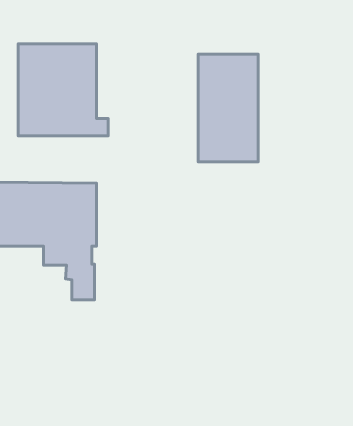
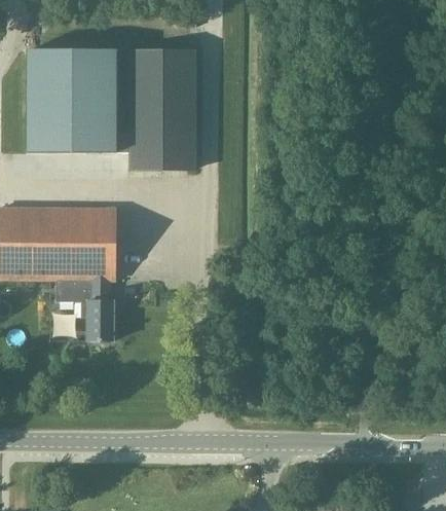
building: [198,54,258,162] -> [128,48,196,170]

